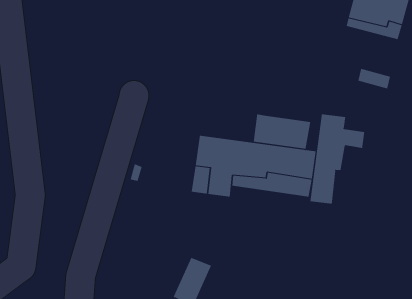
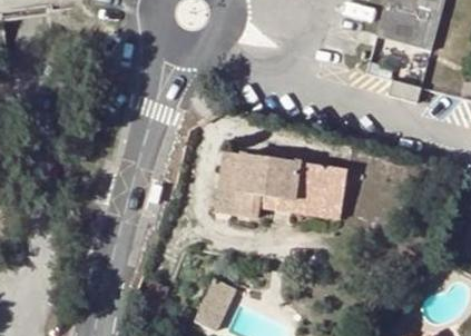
building: [310,114,365,205] -> none
building: [253,114,311,150] -> none

